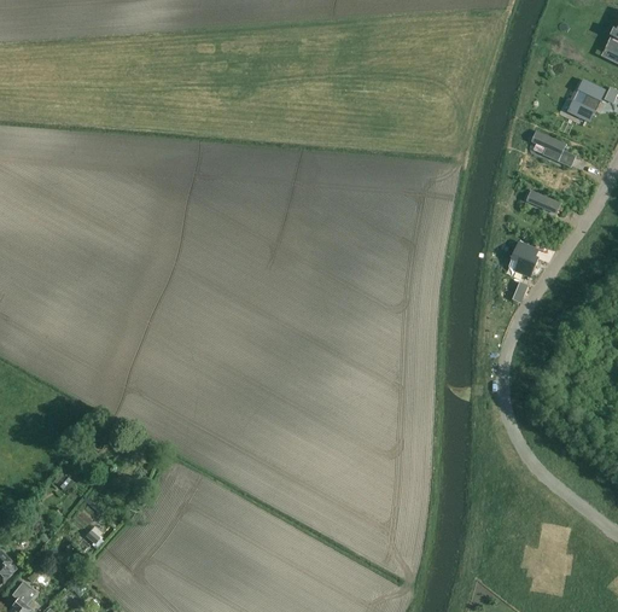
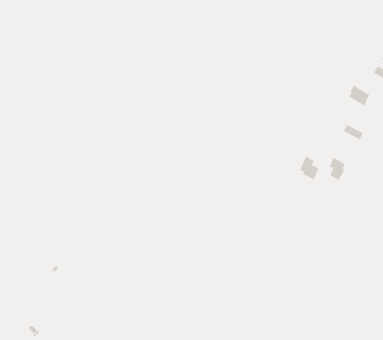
building: none -> [299,155,319,180]

